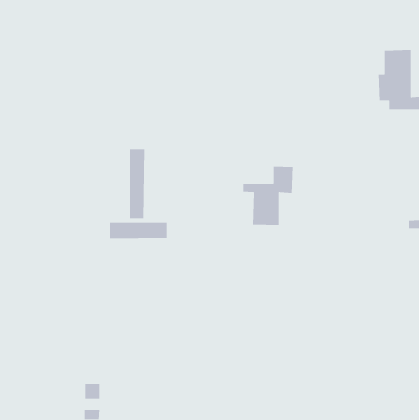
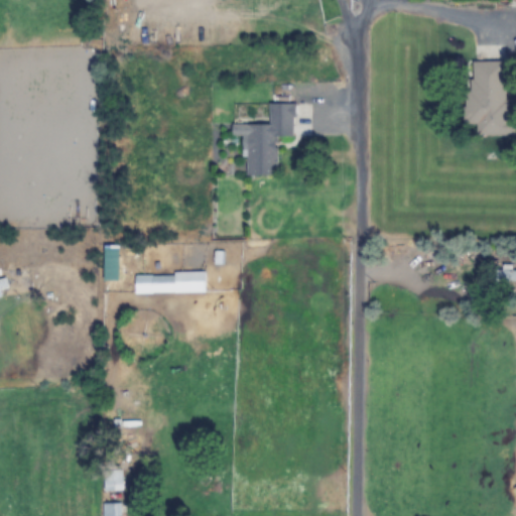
building: [129,148,145,219] -> none
building: [242,166,293,226] -> [233,103,295,176]

